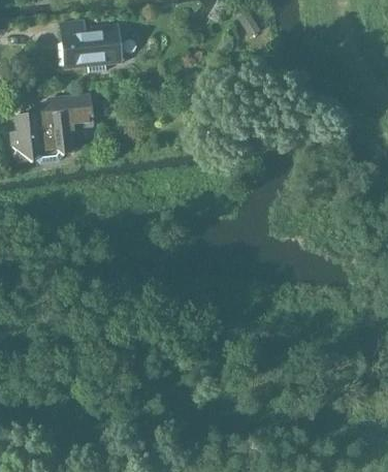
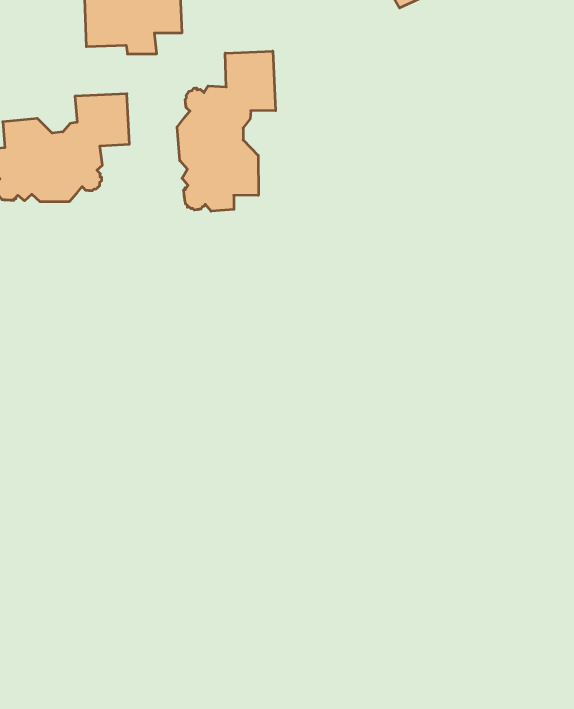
building: none -> [177,51,276,211]

